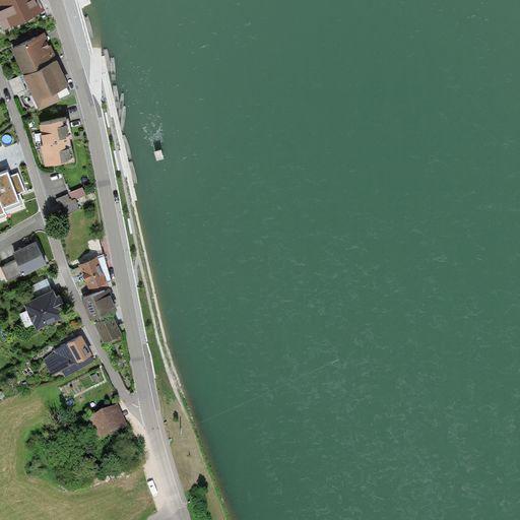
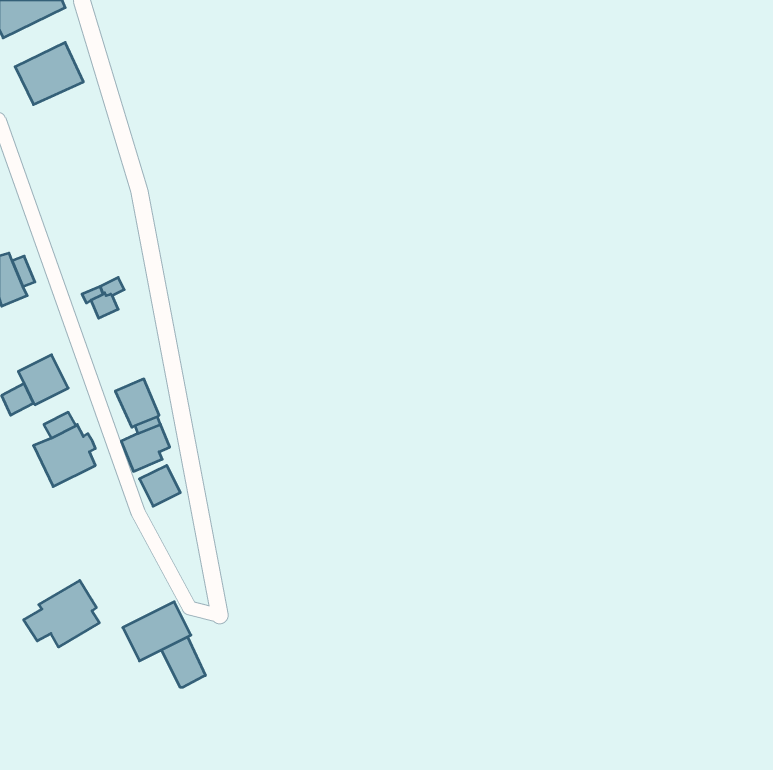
building: [21,58,70,109] -> none
building: [39,115,74,164] -> none
building: [43,334,93,379] -> [24,580,99,647]
building: none -> [161,637,205,687]

